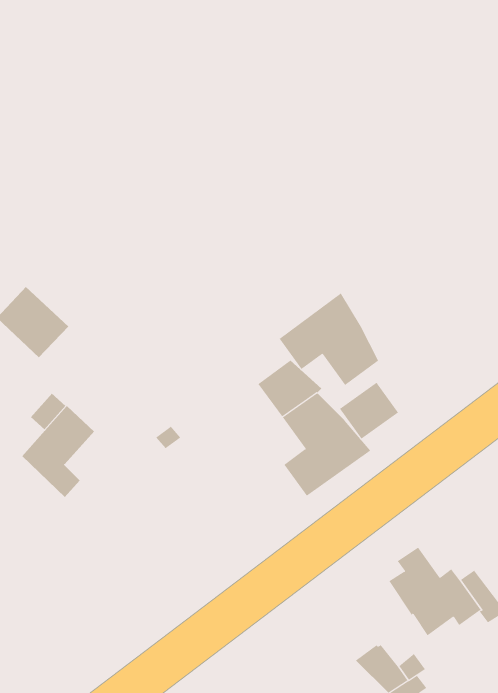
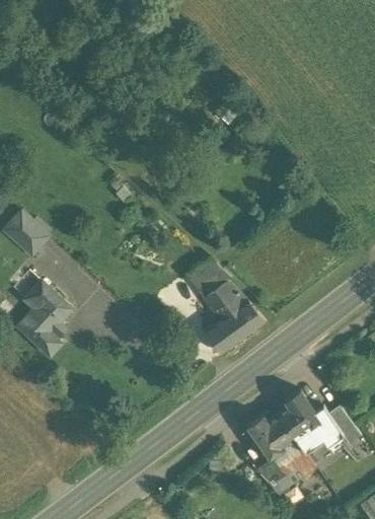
building: [279,293,379,386] -> none
building: [339,382,399,439] -> none
building: none -> [246,414,293,459]

